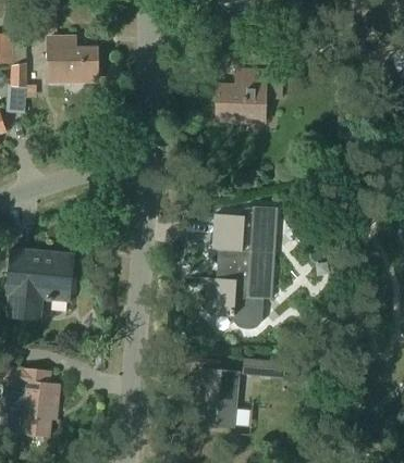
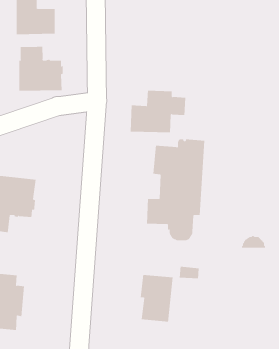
building: [217,68,284,120] -> [130,90,186,133]
building: none -> [19,46,63,91]

